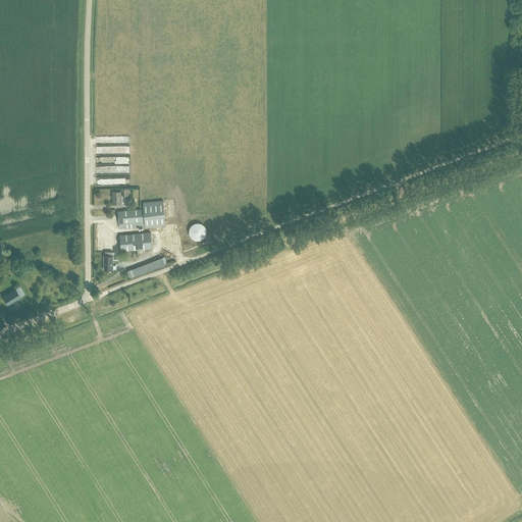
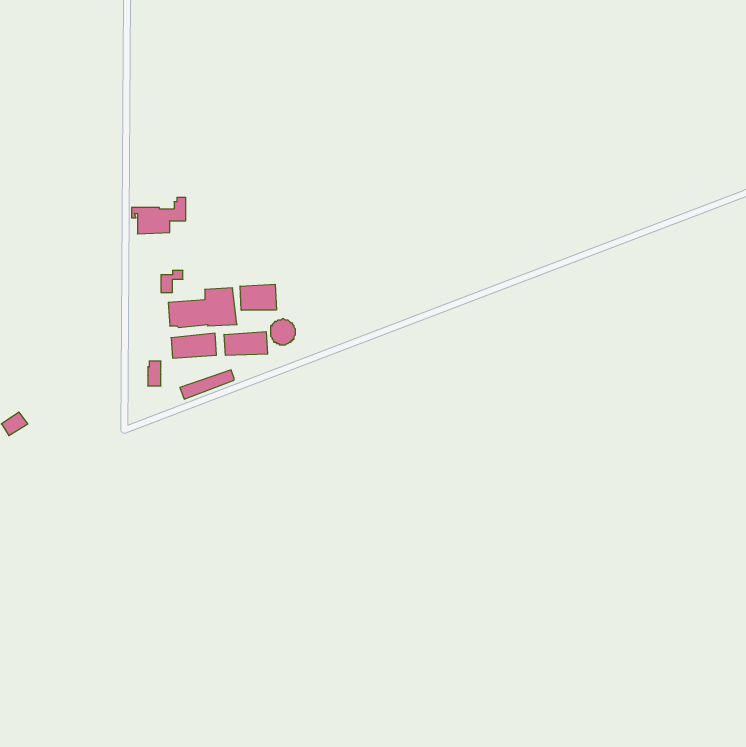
building: none -> [240,284,276,310]
building: none -> [224,332,268,355]

